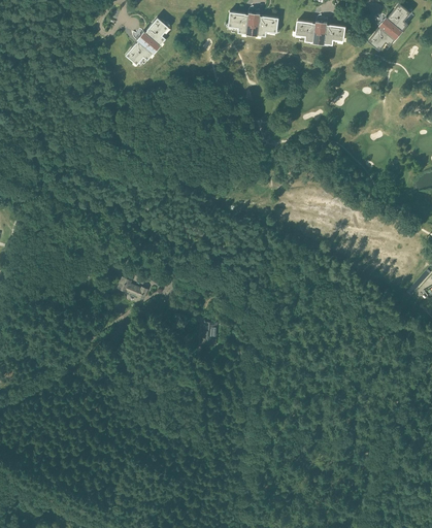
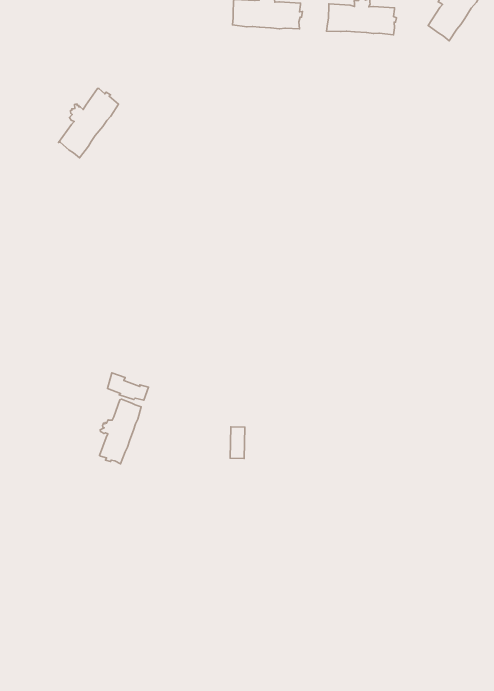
building: [126,18,171,67] -> [59,88,118,158]
building: none -> [99,399,141,464]

